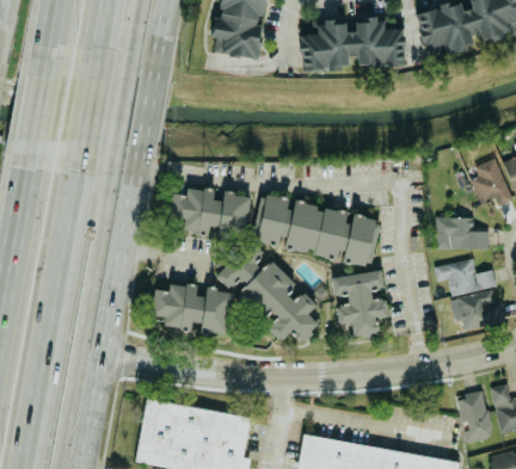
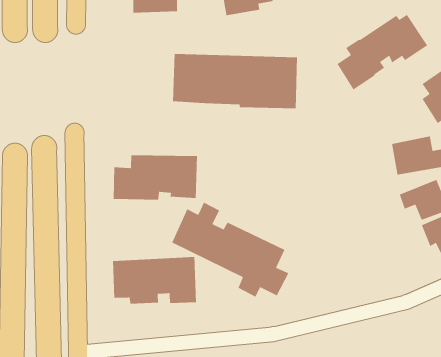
building: none -> [336,14,428,91]
building: [252,193,377,266] -> [172,53,298,109]
building: [332,270,389,338] -> none

